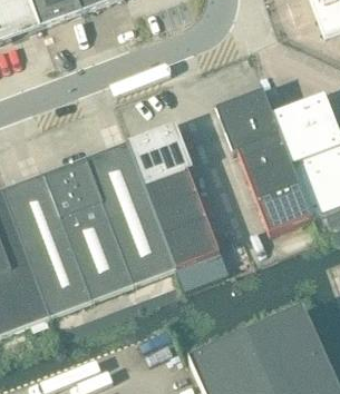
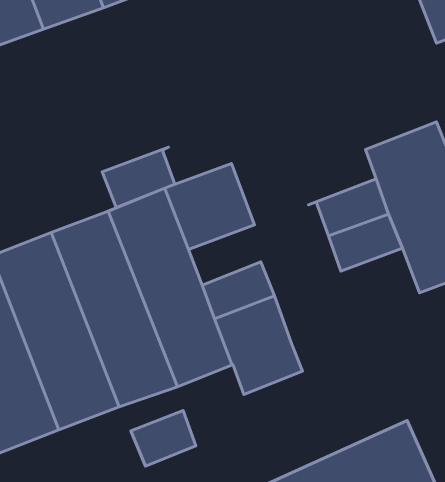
building: [215,89,281,152] -> none
building: [145,167,197,210] -> [102,147,175,207]
building: [255,184,320,254] -> none
building: none -> [131,411,196,466]

